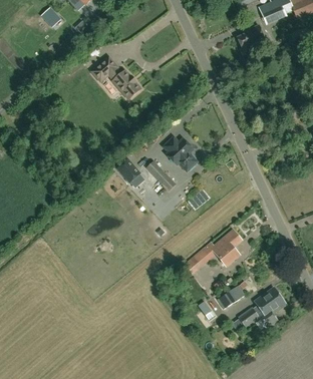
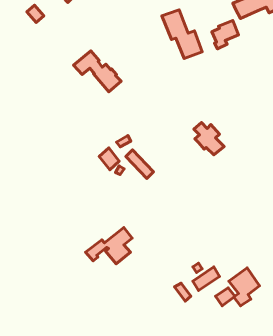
building: none -> [162,10,202,58]
building: [166,136,198,170] -> [194,123,224,155]
building: [194,228,243,266] -> [86,228,132,264]

